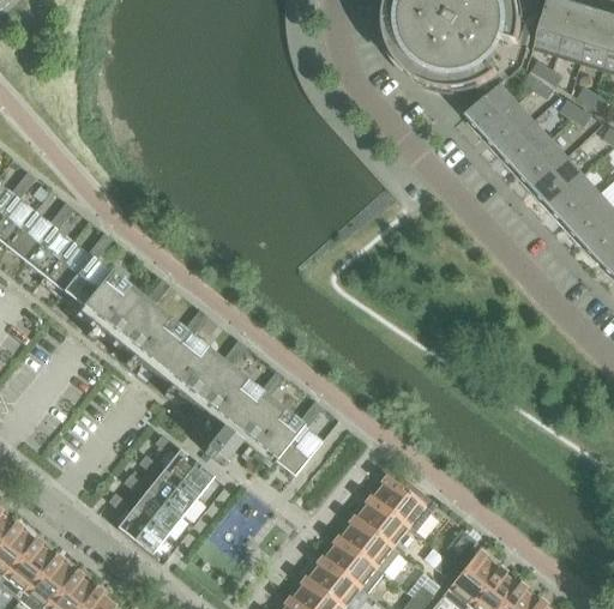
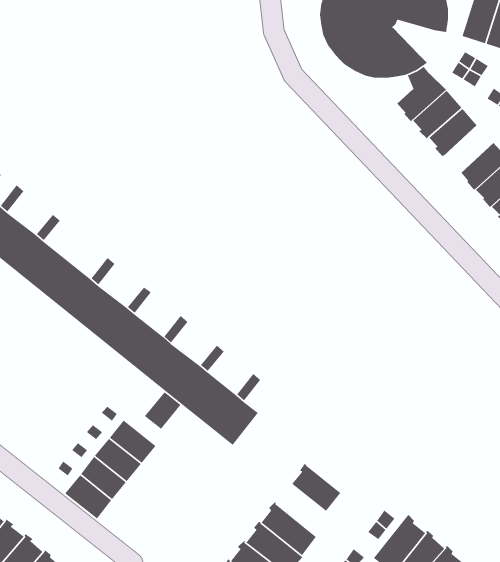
building: [517,139,568,191] -> none
building: [372,475,439,533] -> none
building: [339,515,399,573] -> none

